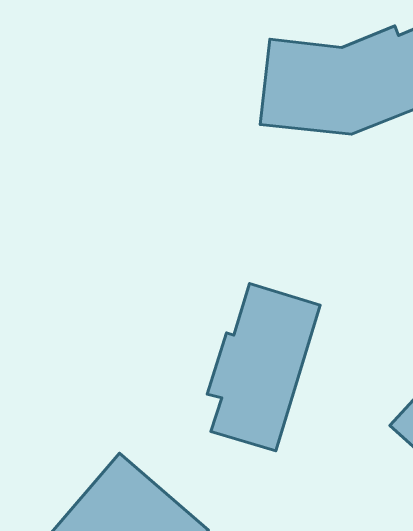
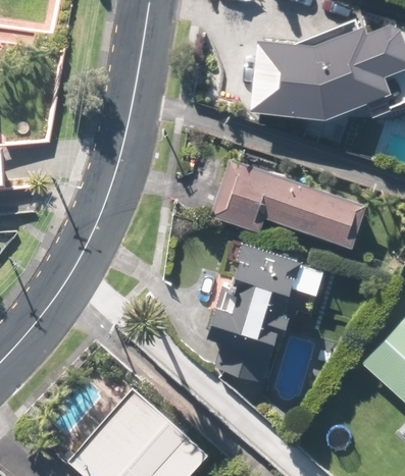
building: none -> [211,162,368,249]

